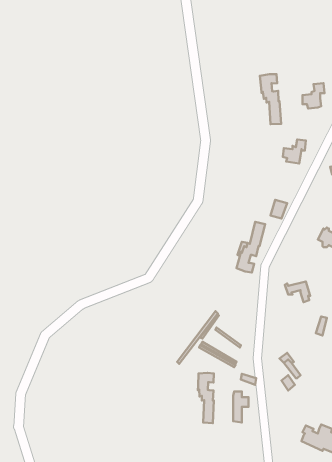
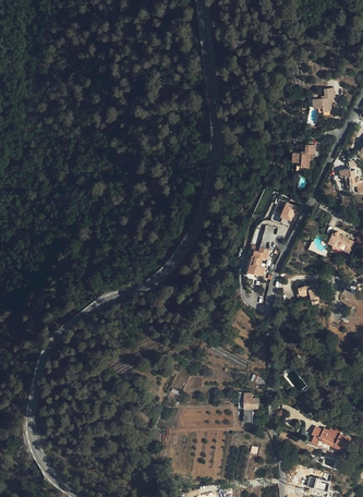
building: [260,74,281,124] -> none
building: [198,373,214,423] -> none

